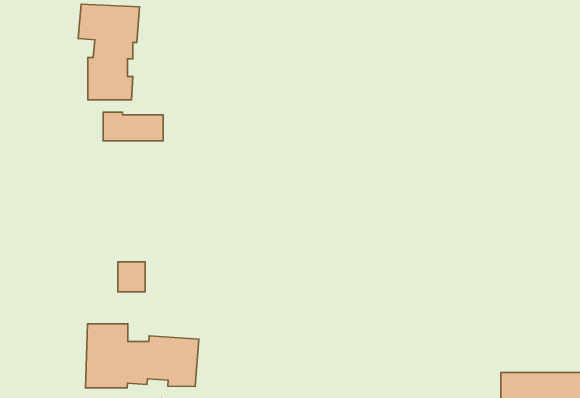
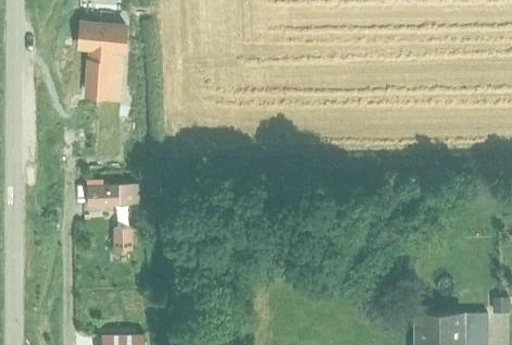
building: [103,112,163,141] -> [88,182,136,205]
building: [85,324,199,388] -> none

